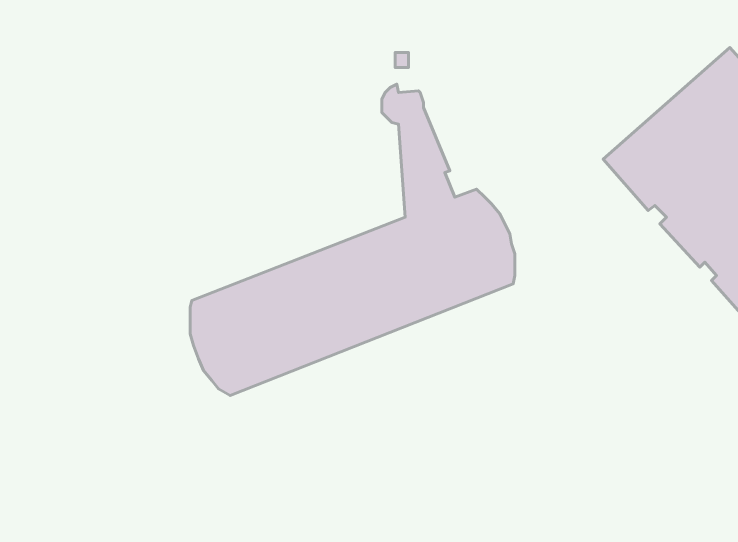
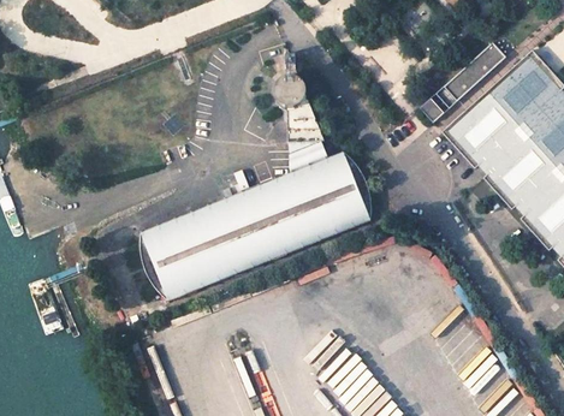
building: none -> [420,41,506,120]

